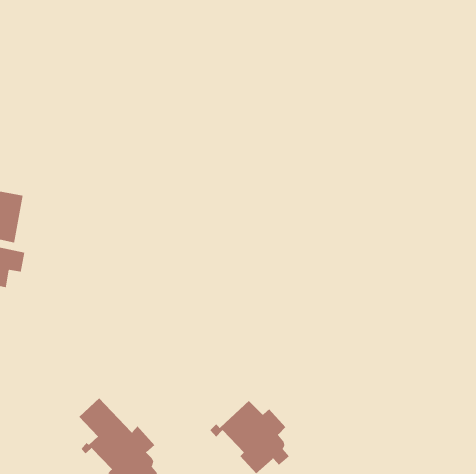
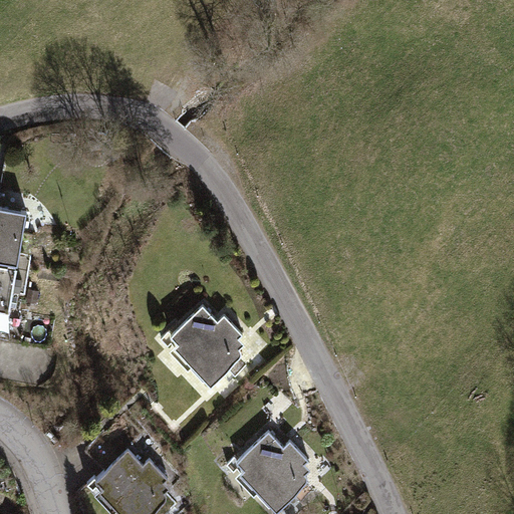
building: none -> [160,308,245,389]

